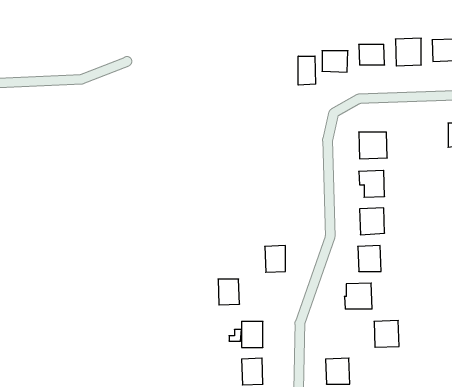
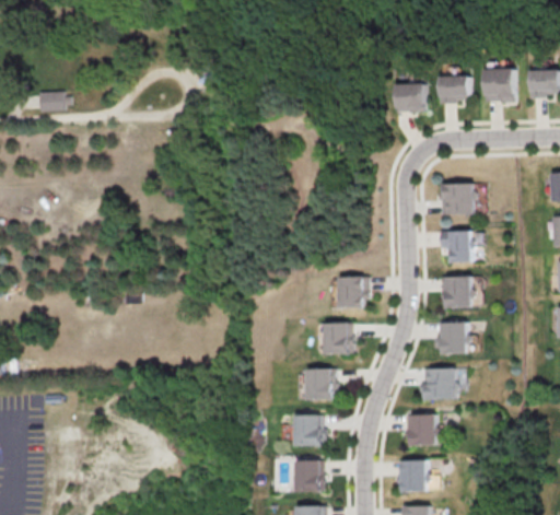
building: [298,56,316,85] -> none
building: none -> [34,92,63,109]
building: none -> [338,277,364,308]
building: [218,279,240,305] -> [307,368,334,400]
building: [374,321,399,347] -> [407,413,438,446]

